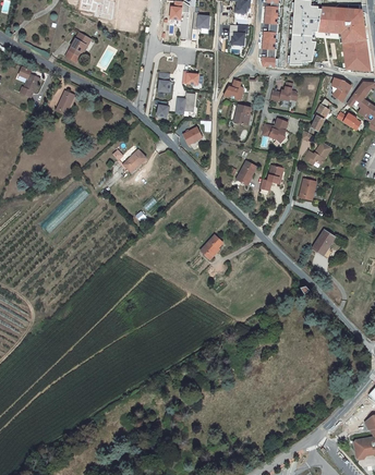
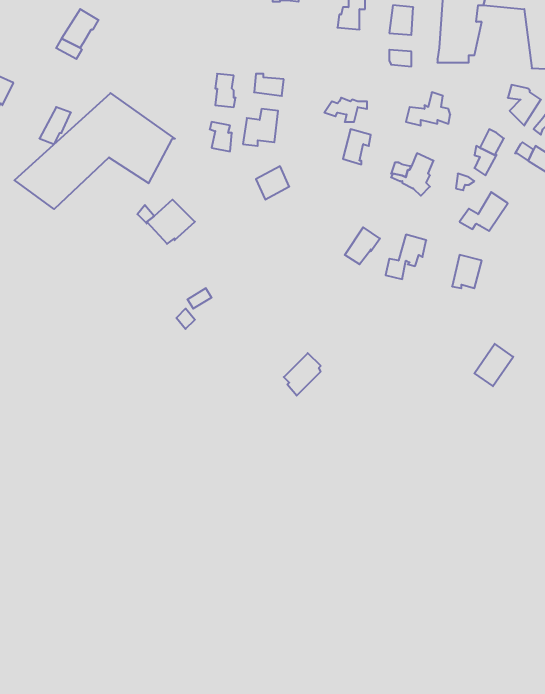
building: none -> [14,93,175,209]

